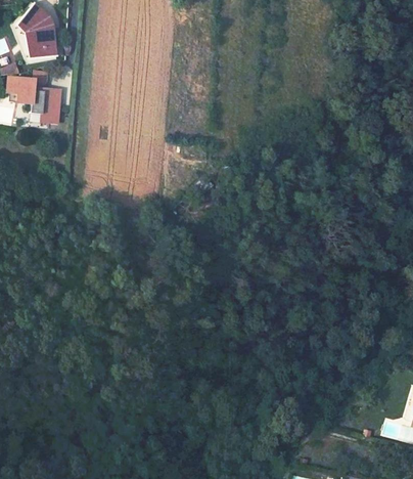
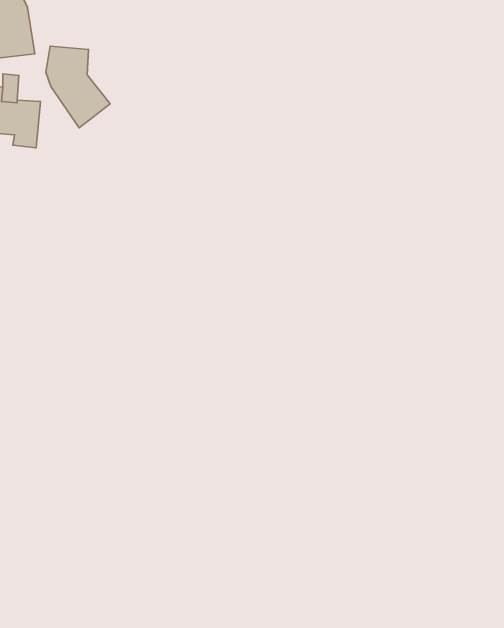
building: none -> [46,46,110,128]

